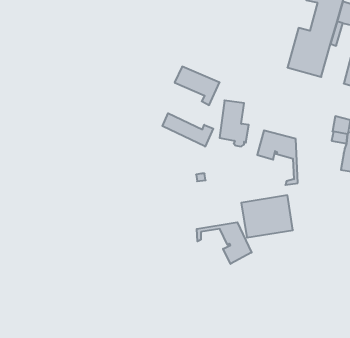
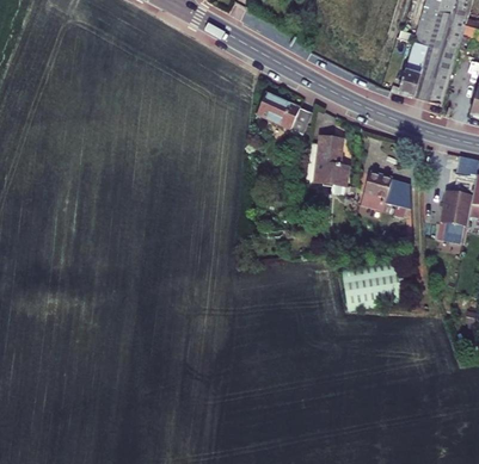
building: [162,113,213,147] -> none
building: none -> [435,196,471,250]
building: [197,222,252,264] -> none

